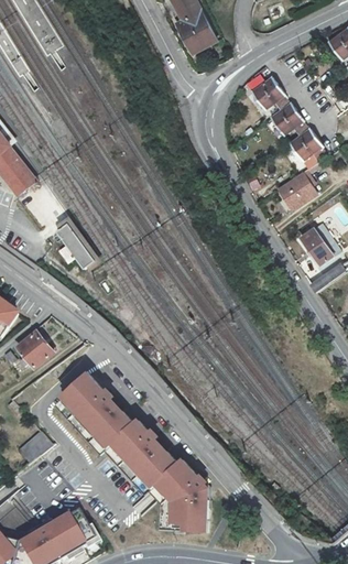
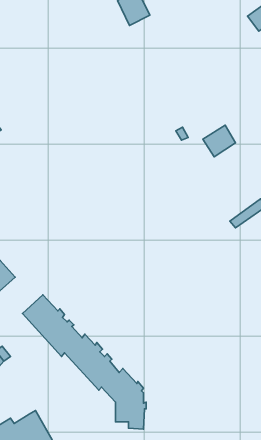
building: [249,75,325,162] -> none
building: [58,219,97,264] -> none
building: [300,223,338,262] -> none

